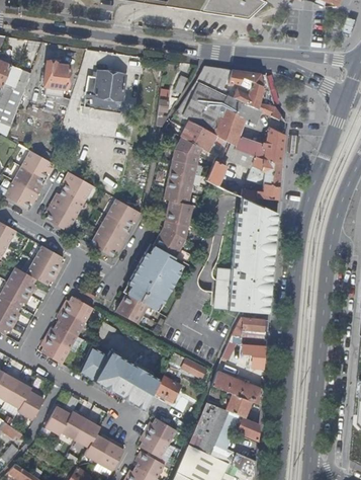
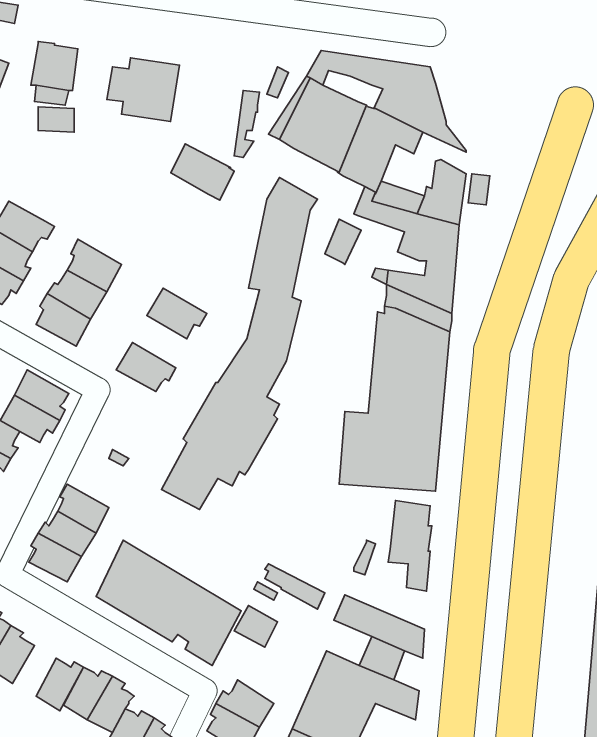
building: [181,122,216,153] -> [171,144,234,200]
building: [99,215,129,244] -> none
building: [63,297,94,322] -> none

